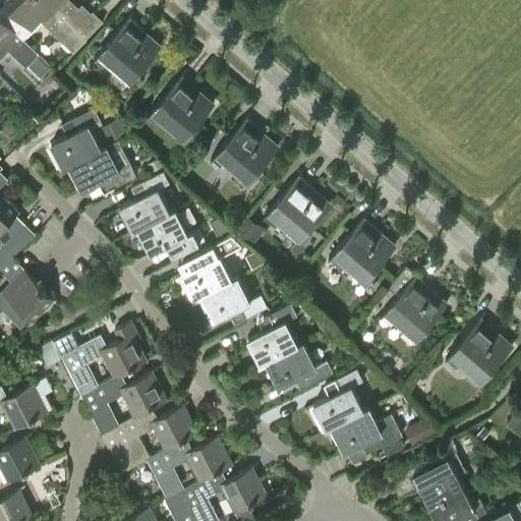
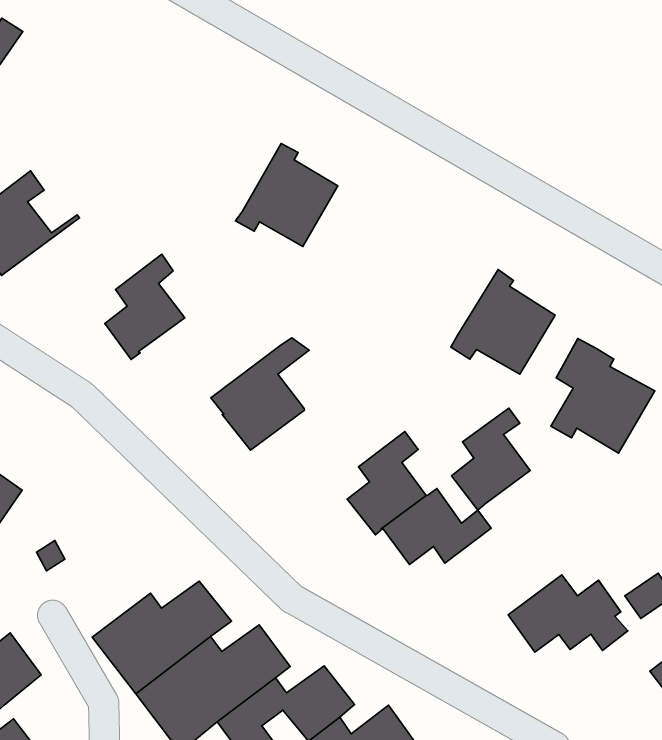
building: [95,21,160,85] -> none
building: [147,78,213,143] -> none
building: [71,144,136,195] -> none
building: [263,177,330,243] -> none
building: [139,213,206,259] -> none
building: [202,281,267,326] -> none
building: [61,325,147,398] -> none
building: [316,373,364,431] -> [451,408,530,510]

